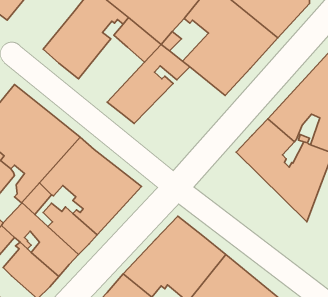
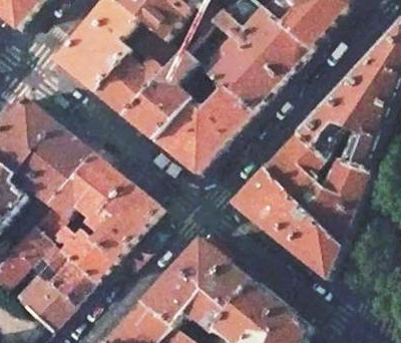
building: none -> [93,54,164,116]
building: none -> [153,78,252,173]
building: none -> [233,170,340,279]

